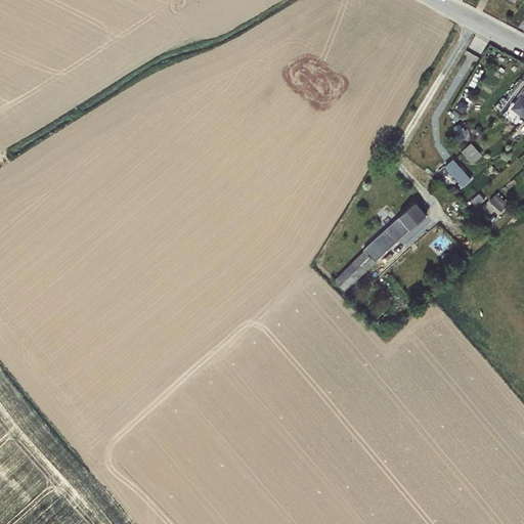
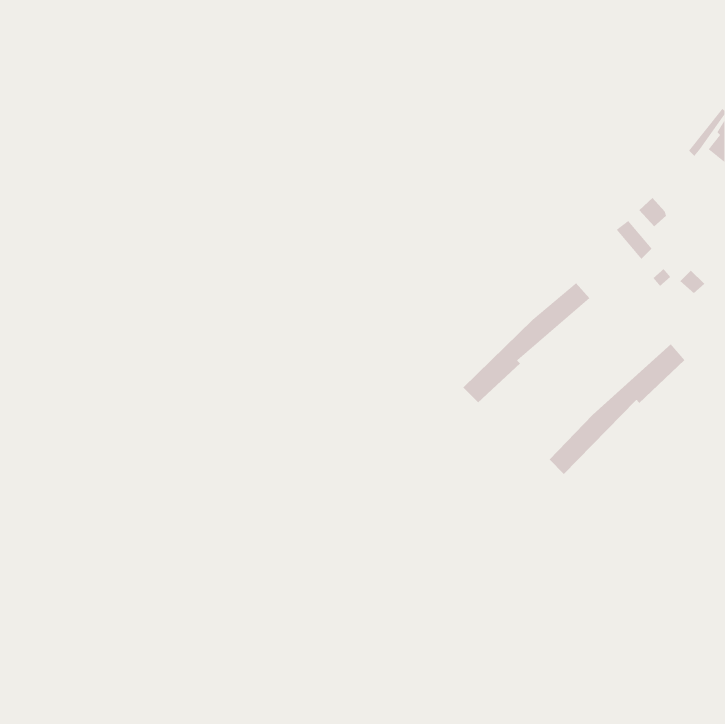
building: none -> [549,344,685,475]

